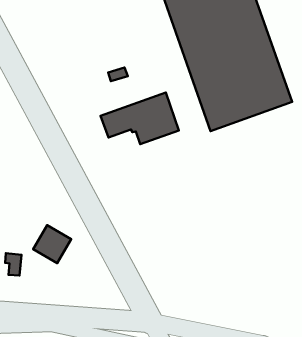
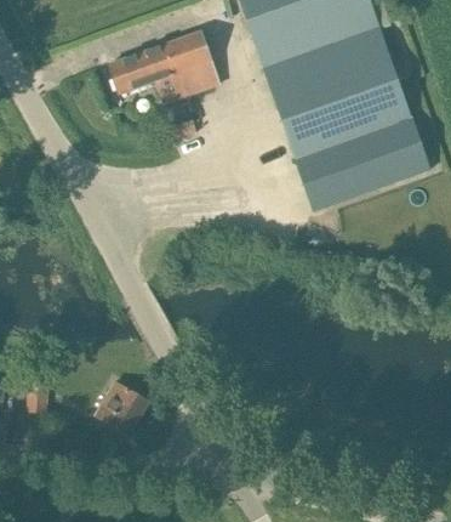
building: [101,93,179,144] -> [109,32,219,104]
building: [33,225,71,263] -> [96,382,149,436]

